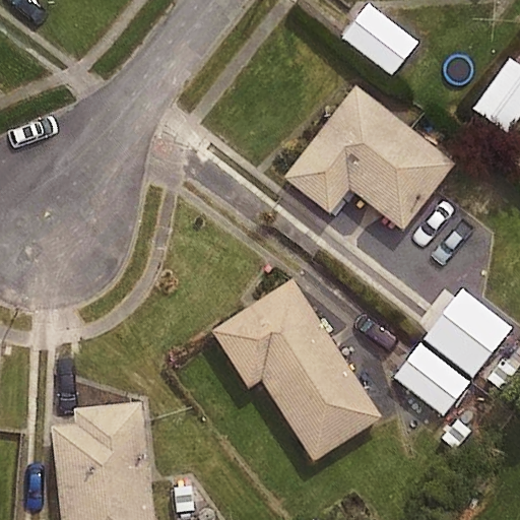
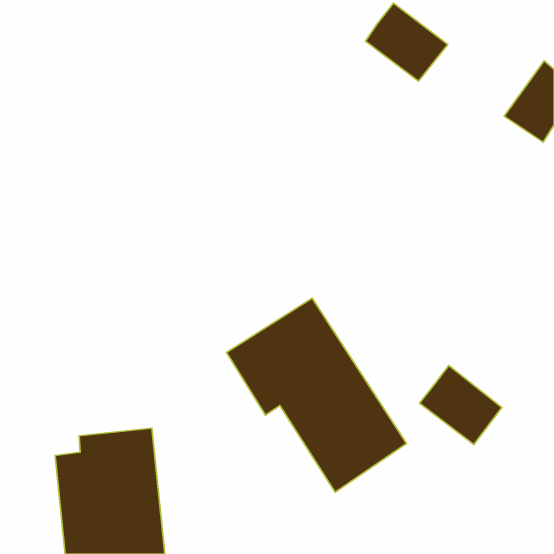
building: [284,86,456,230] -> none
building: [424,288,513,378] -> none

